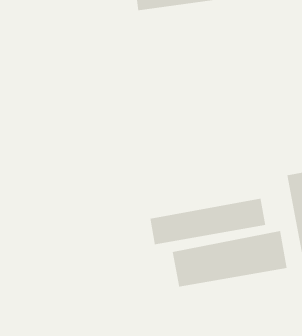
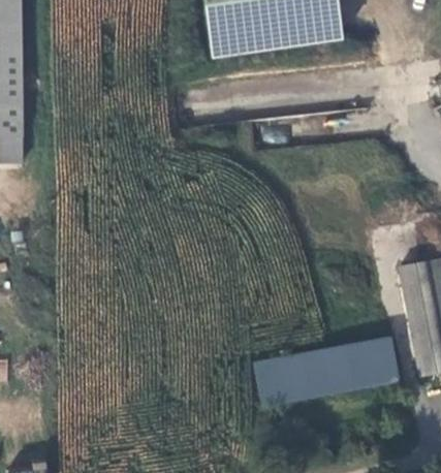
building: [150,198,266,245] -> none

